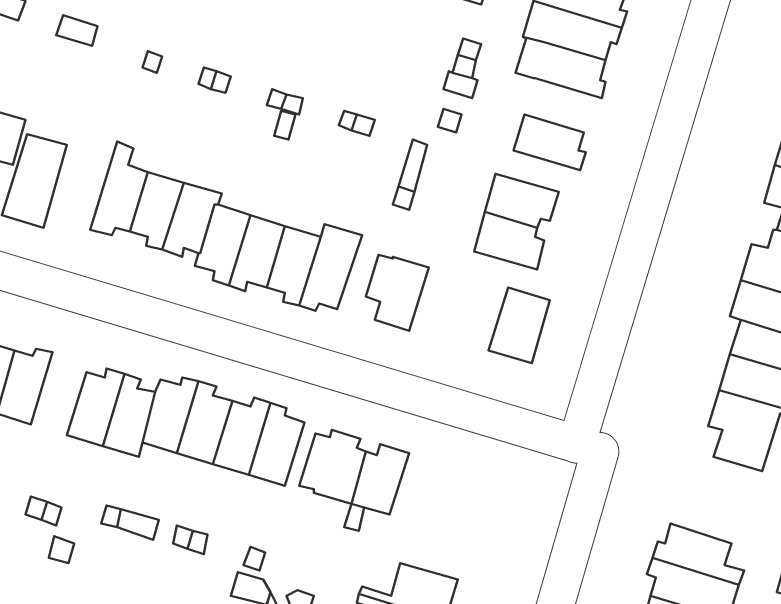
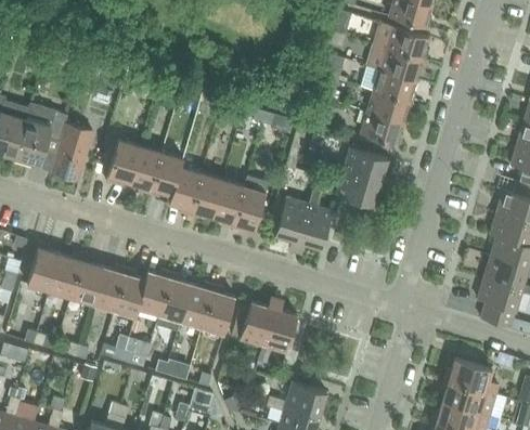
building: none -> [366,90,413,122]
building: [488,288,550,363] -> [297,204,334,249]
building: none -> [69,255,103,304]

